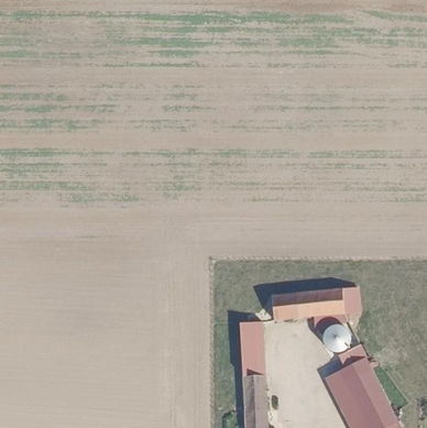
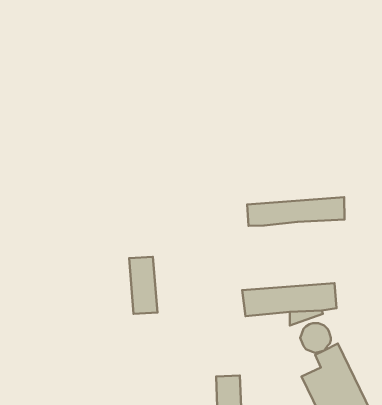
building: none -> [247,197,344,226]
building: [239,323,266,378] -> [129,257,157,314]

